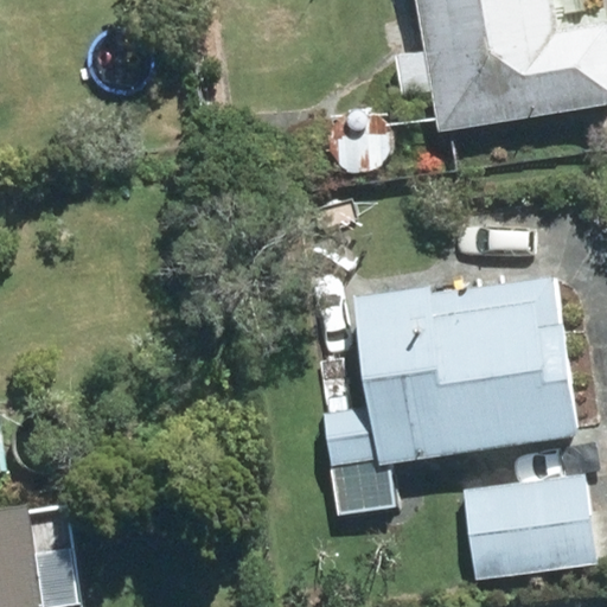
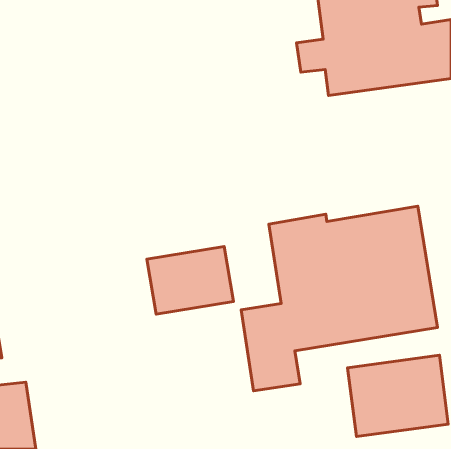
building: none -> [147,247,233,314]

